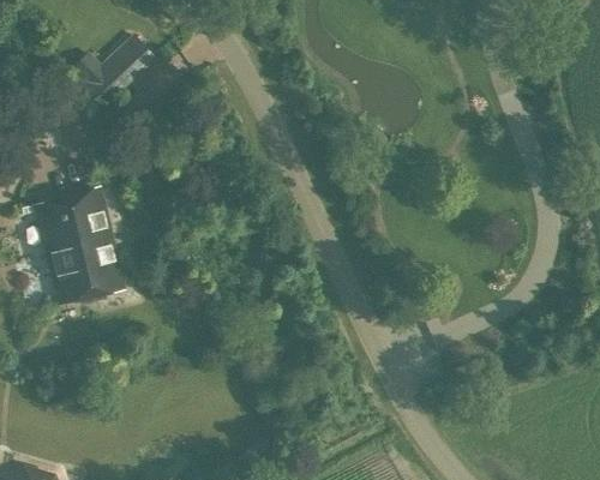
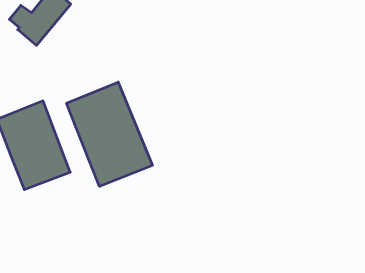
building: none -> [67,82,152,186]

